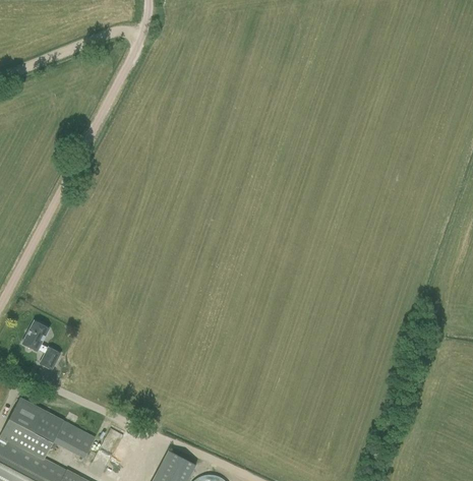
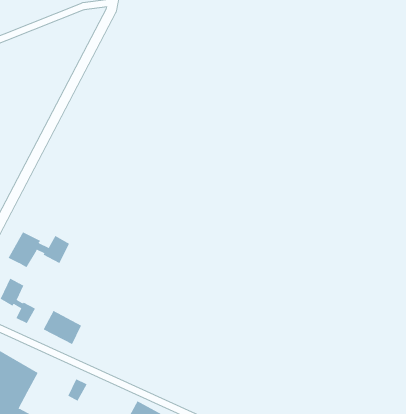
building: none -> [8,231,70,268]
building: [53,421,95,458] -> [43,310,82,345]

